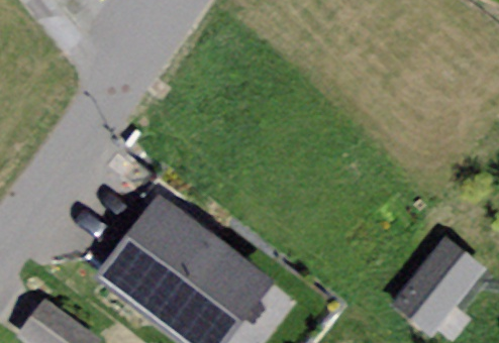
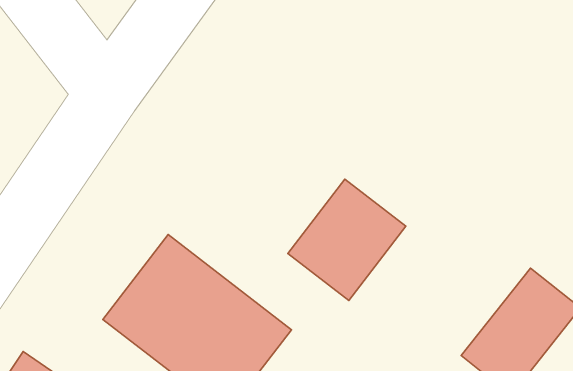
building: none -> [288,179,406,301]

